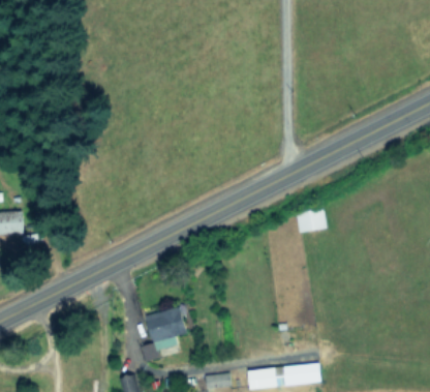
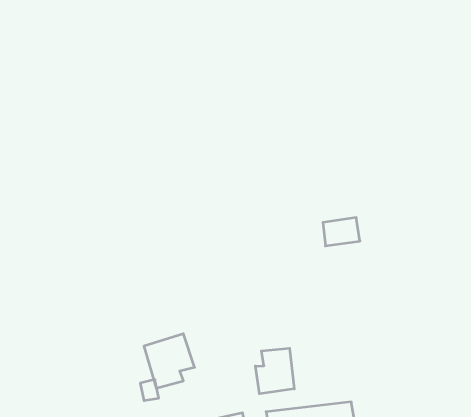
building: none -> [255,348,294,394]

